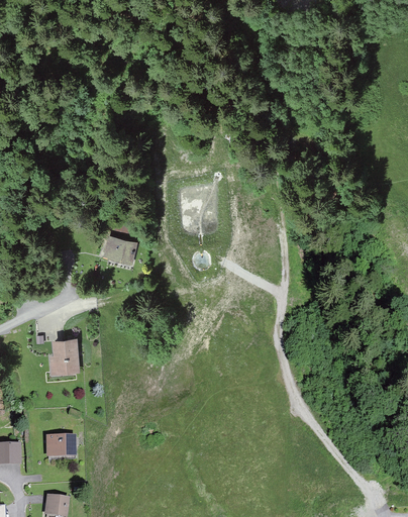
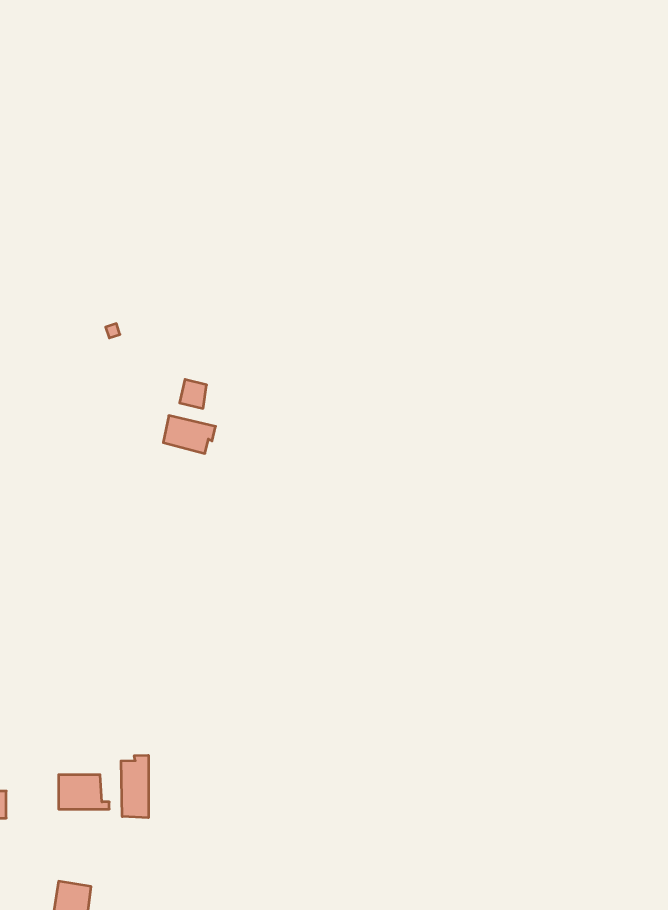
building: [55,338,77,369] -> none
building: none -> [121,755,148,818]

